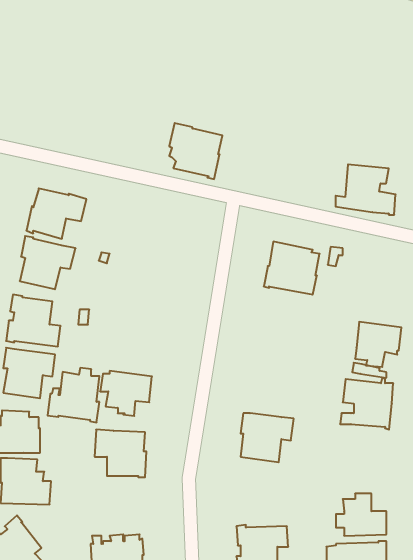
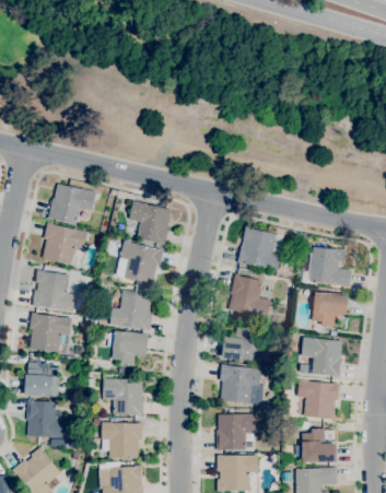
building: [169,123,222,179] -> [129,200,172,245]
building: [336,164,396,215] -> [303,246,351,286]
building: none -> [120,240,164,283]
building: none -> [230,273,271,318]
building: none -> [222,325,267,361]
building: [48,368,99,422] -> [110,286,152,330]
building: none -> [297,379,340,419]
building: none -> [217,413,258,450]
building: none -> [102,422,143,458]

